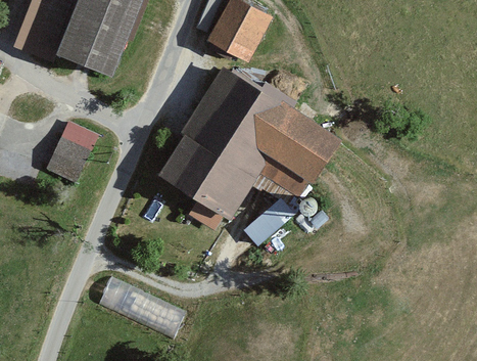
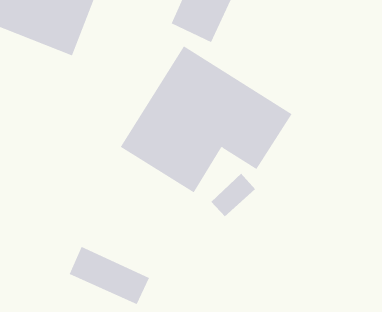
building: [51,122,99,178] -> none

